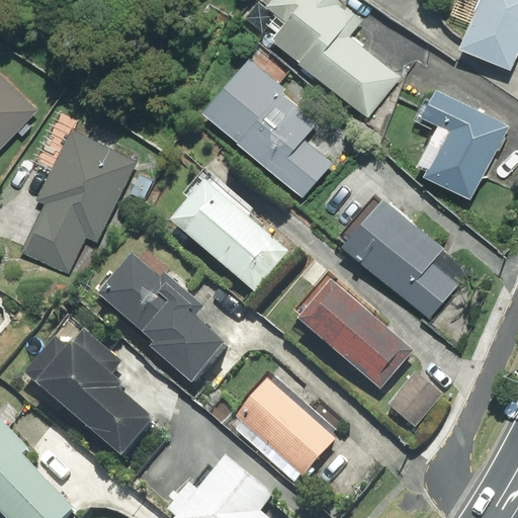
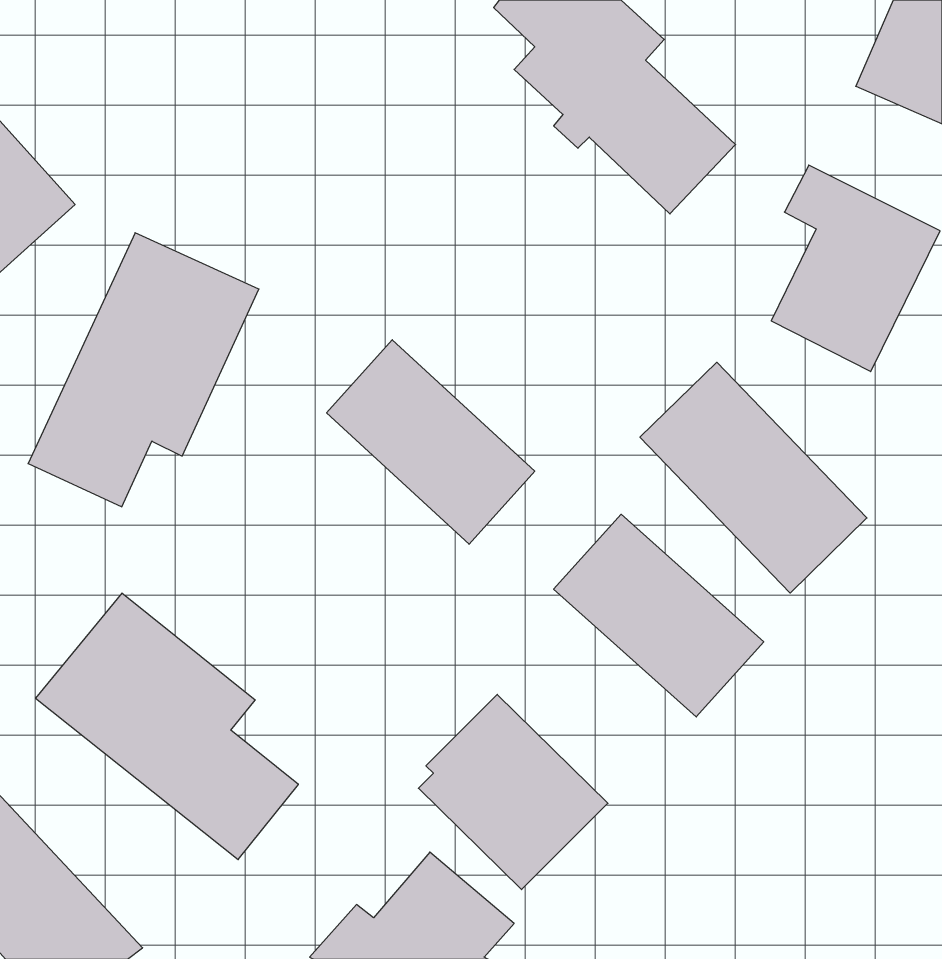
building: [202,59,333,199] -> none
building: [103,263,225,384] -> none
building: [382,371,441,431] -> none

